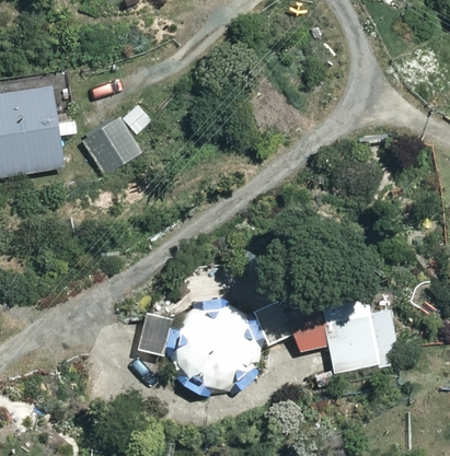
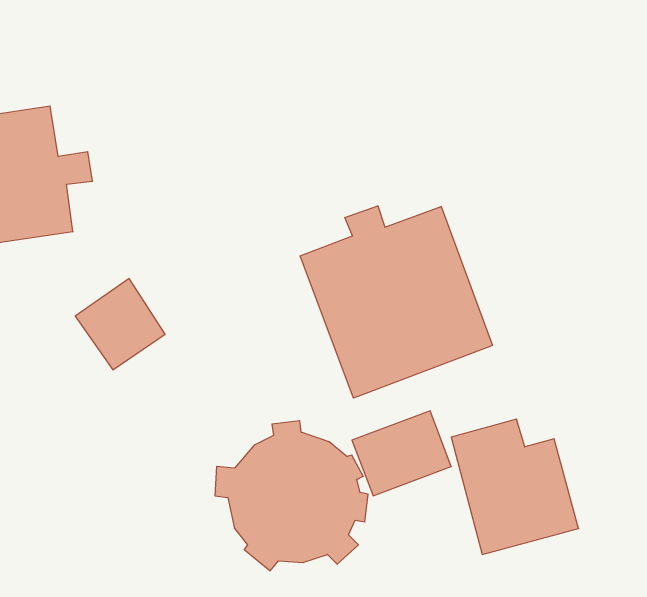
building: [84,117,145,178] -> [75,279,165,370]
building: none -> [300,206,493,398]

